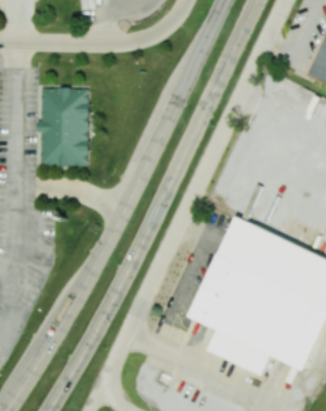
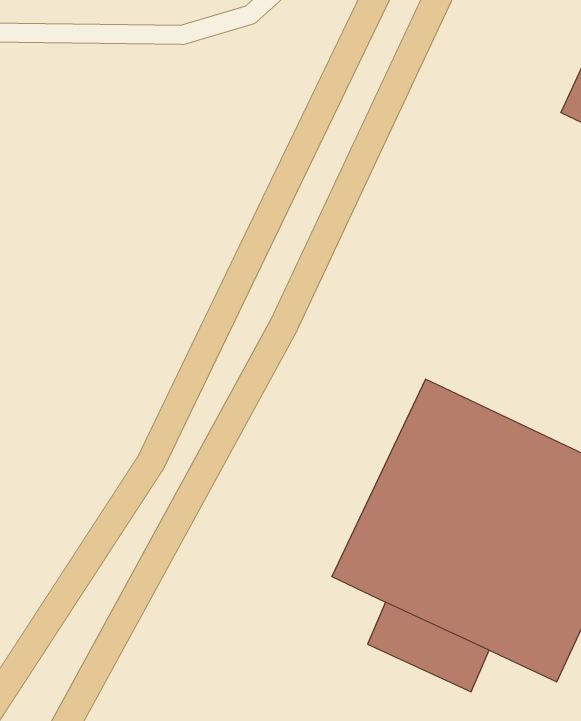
building: [38,86,87,165] -> none

